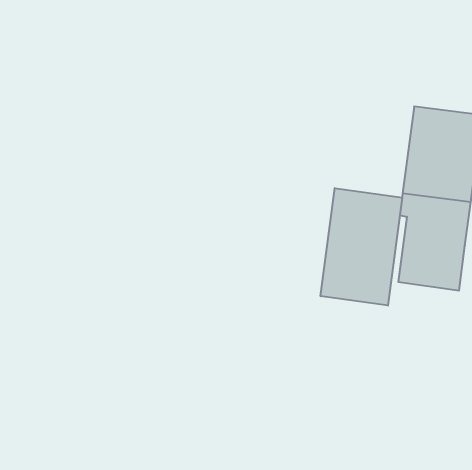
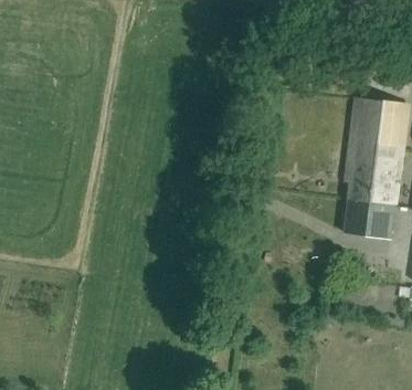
building: [321,188,402,306] -> none

